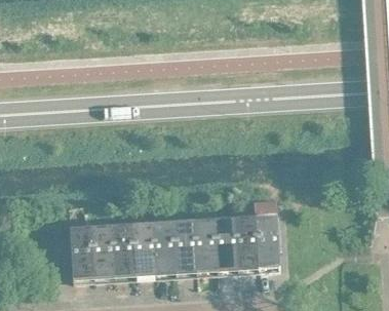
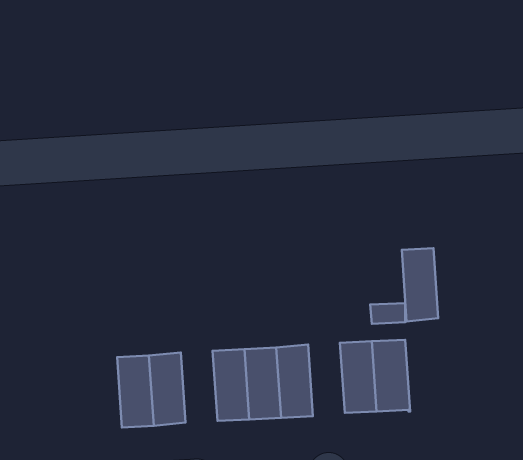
building: [213,222,237,269] -> [402,248,438,321]
building: [131,227,155,273] -> none
building: [70,231,93,278] -> none

